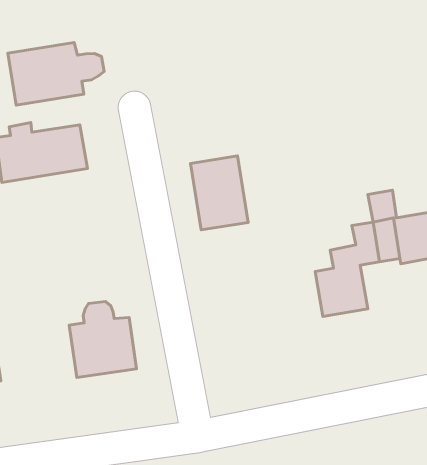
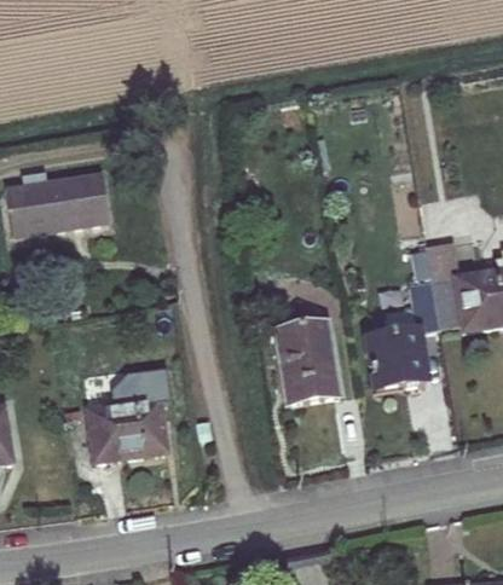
building: [8,43,104,105] -> none
building: [190,156,248,230] -> [274,322,340,405]

